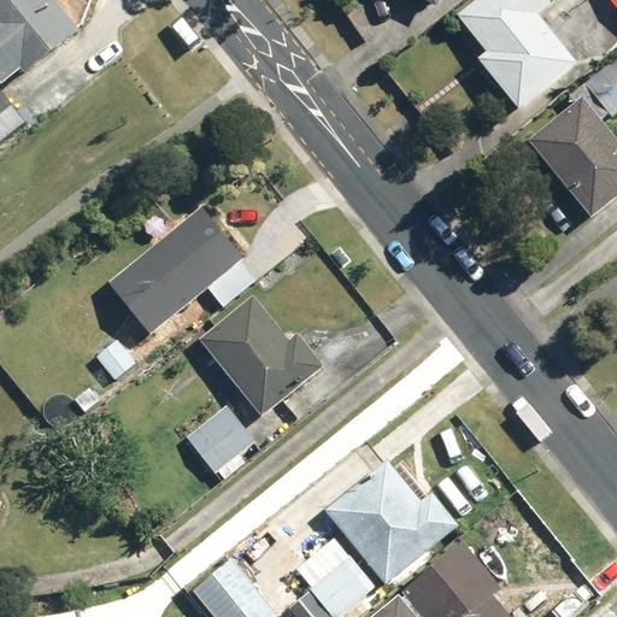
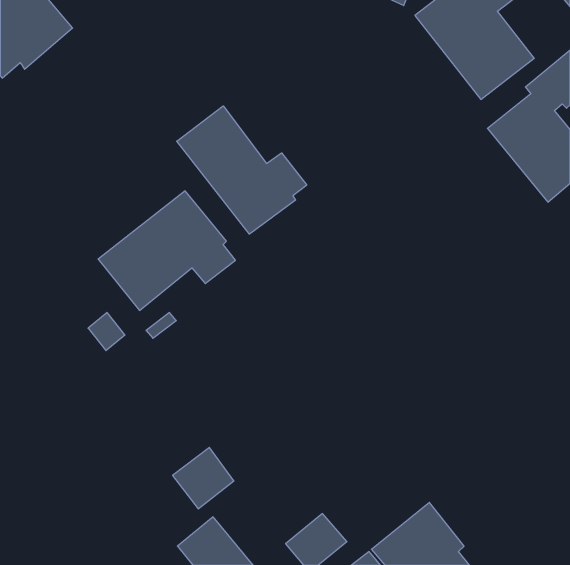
building: none -> [177,106,307,234]
building: [198,295,324,417] -> none
building: [188,405,254,471] -> [173,447,234,509]
building: [322,459,457,584] -> none

